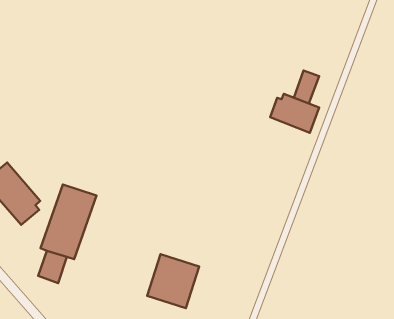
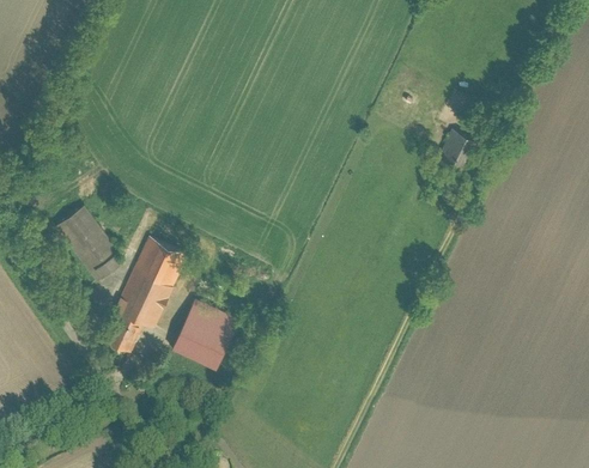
building: [270,94,319,133] -> none
building: [147,254,199,308] -> [172,302,237,369]

